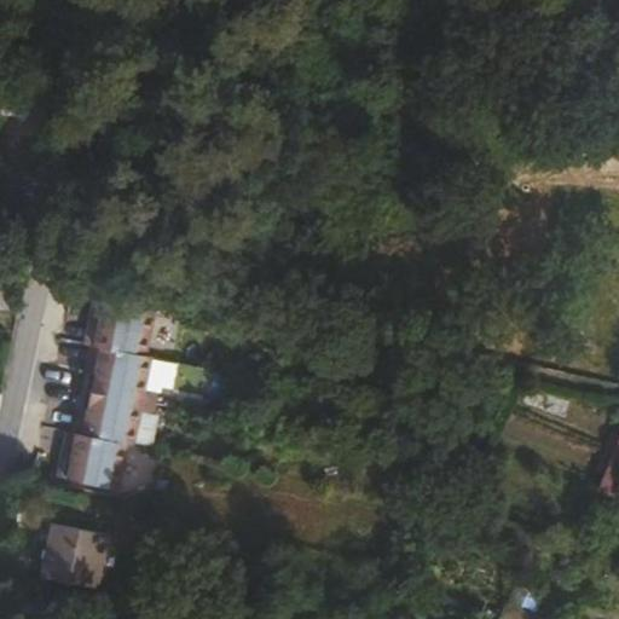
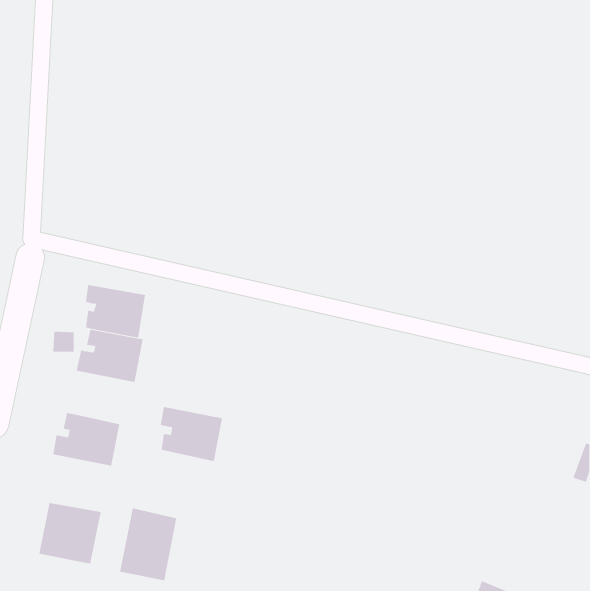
building: [75,389,140,446] -> [160,407,223,461]
building: none -> [120,508,177,581]

